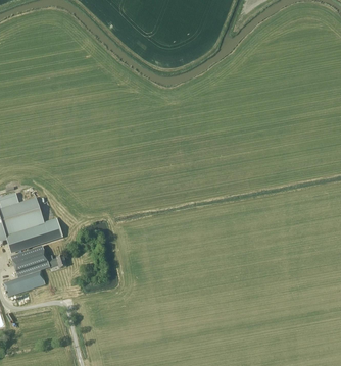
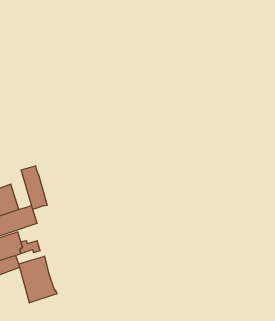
building: none -> [21,166,47,210]
building: none -> [19,256,57,303]

